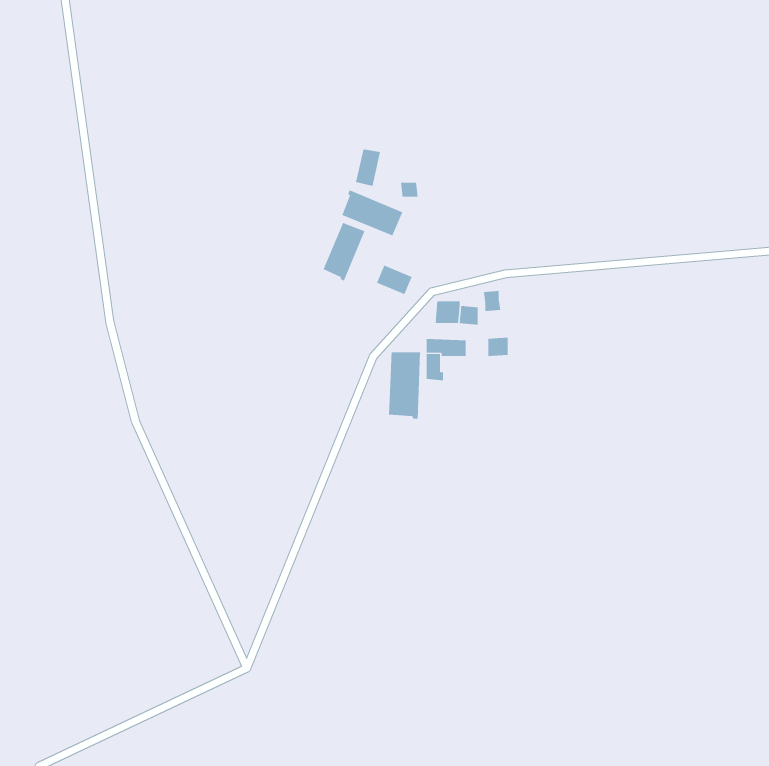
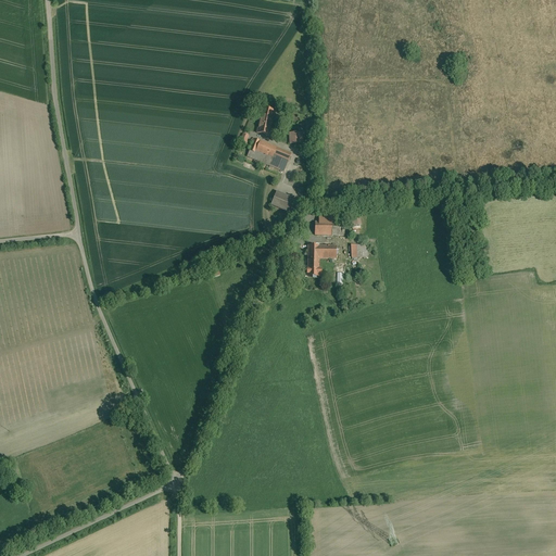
building: [323,222,365,281] -> none
building: [389,351,421,420] -> none

